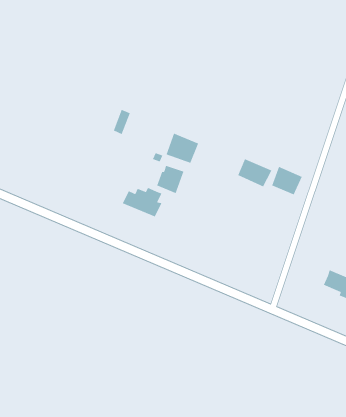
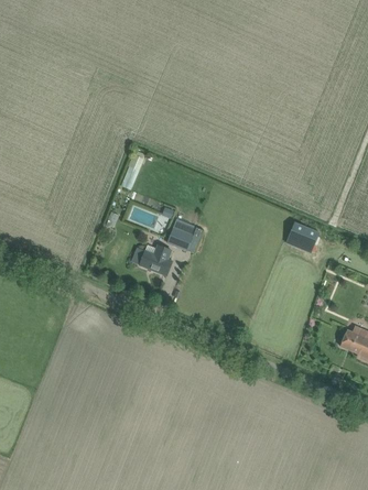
building: [166,133,199,164] -> none
building: [237,158,272,188] -> none

